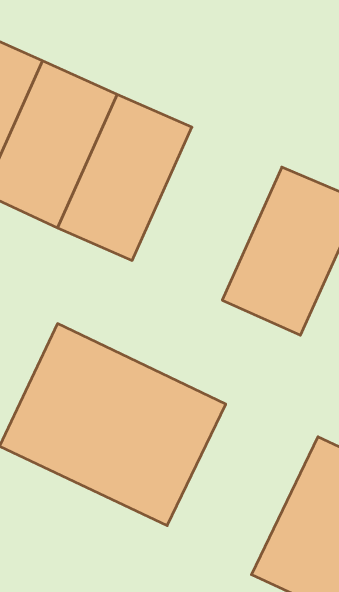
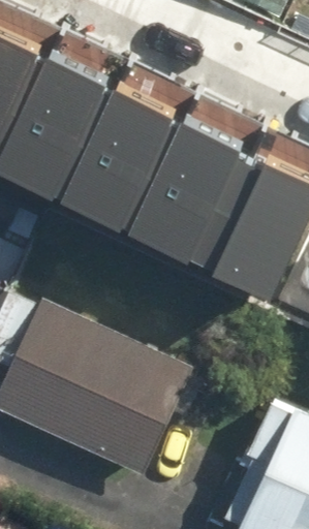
building: none -> [118,116,250,269]

